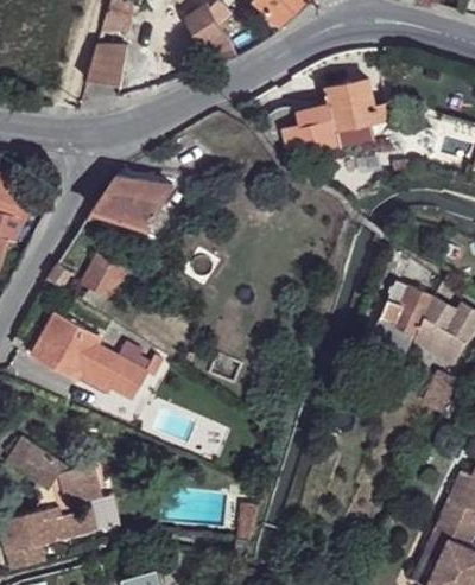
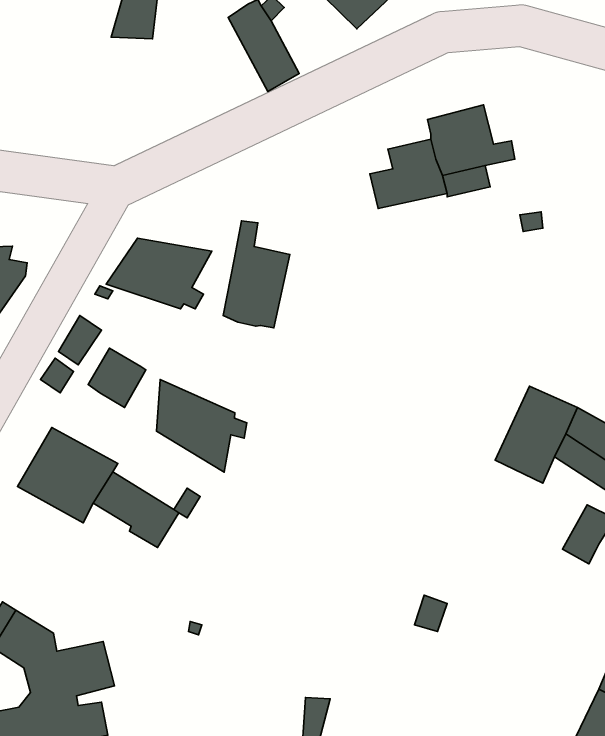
building: [84,42,126,85] -> none
building: none -> [223,221,290,328]
building: none -> [157,379,247,472]

